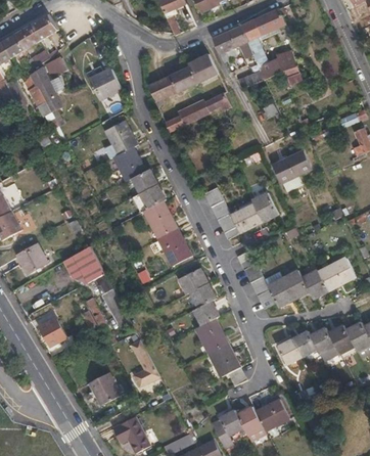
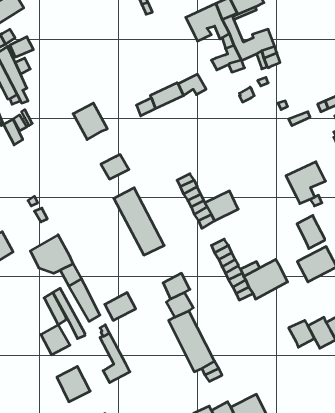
building: [147,53,218,106] -> none
building: [88,67,121,99] -> none
building: [112,146,145,181] -> none
building: [273,150,311,190] -> [286,162,326,204]
building: [139,183,166,209] -> none
building: [251,192,278,221] -> none
building: [178,267,207,293] -> [105,293,136,320]
building: [302,268,328,300] -> [297,215,325,249]
building: [39,317,66,346] -> [41,325,70,355]
building: [277,330,317,364] -> none

